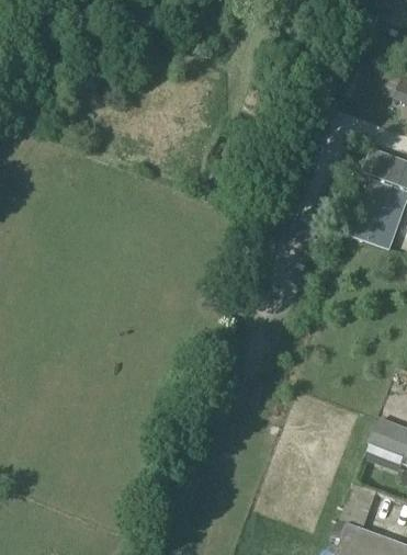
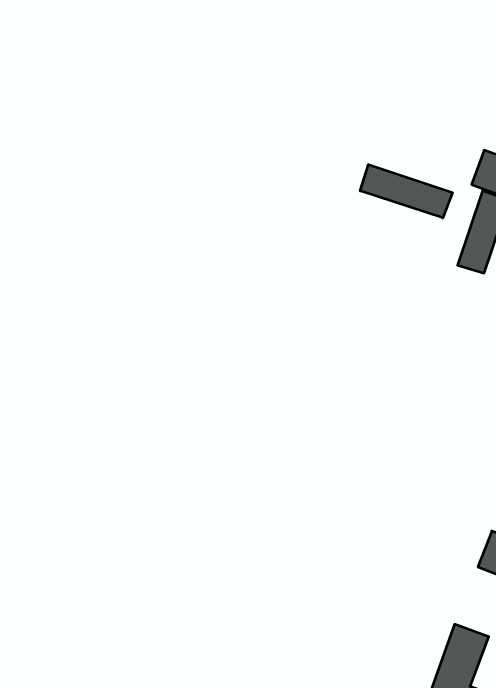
building: none -> [360,165,452,218]

